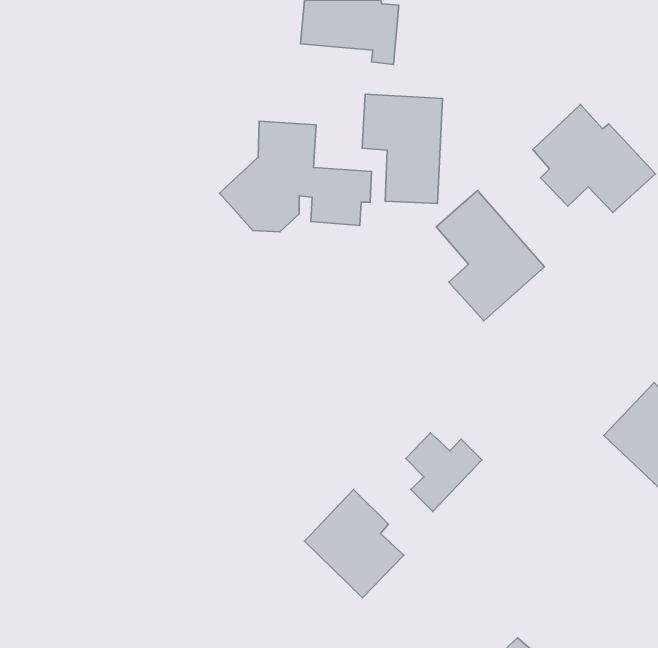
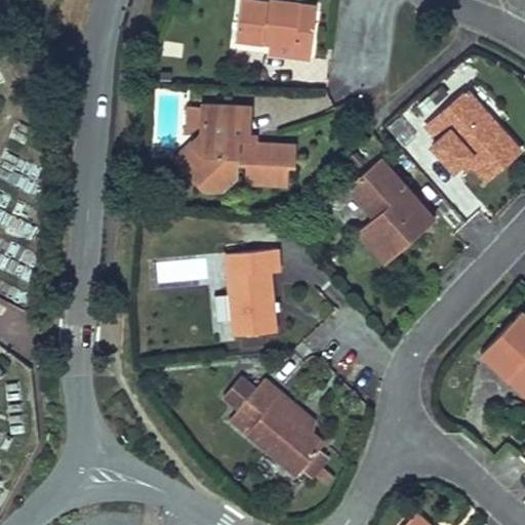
building: [362,94,443,204] -> none
building: none -> [229,246,284,336]
building: [406,433,482,511] -> [221,376,282,439]

